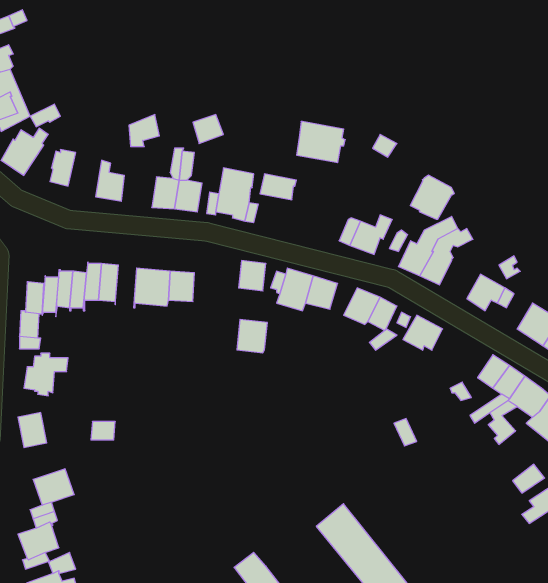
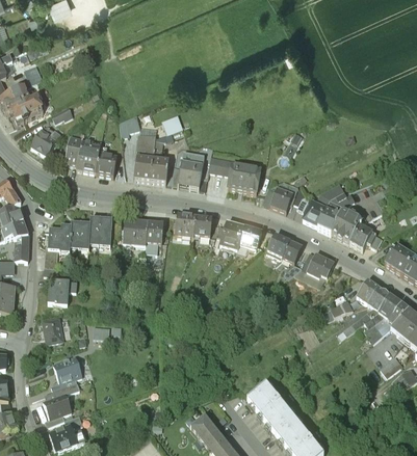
building: [297,122,345,163] -> [228,163,261,191]
building: none -> [76,140,100,170]
building: [410,175,454,219] -> [331,210,361,240]
building: [237,319,267,353] -> [175,212,196,235]

